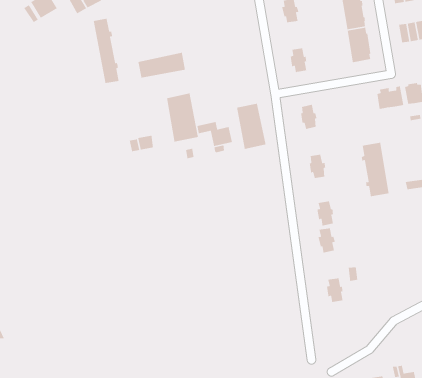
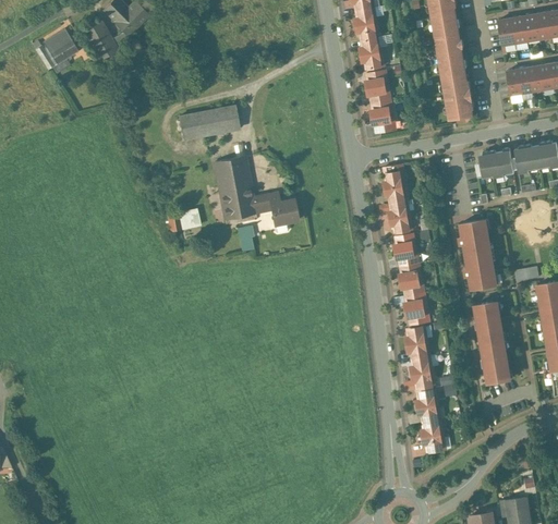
building: [93,18,119,84] -> none
building: none -> [365,71,387,102]
building: [236,103,267,150] -> none
building: none -> [387,200,409,233]
building: none -> [398,264,420,295]
building: none -> [473,302,509,382]
building: none -> [410,356,432,389]
building: none -> [421,419,442,452]

